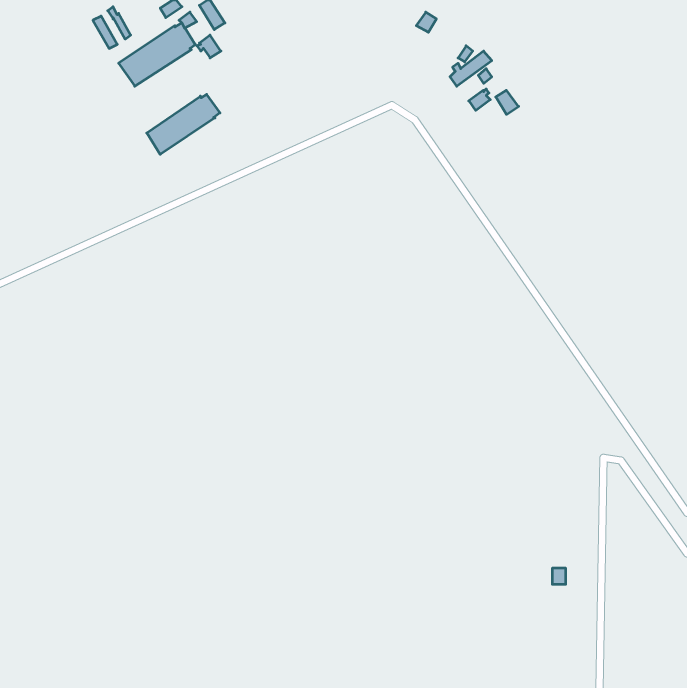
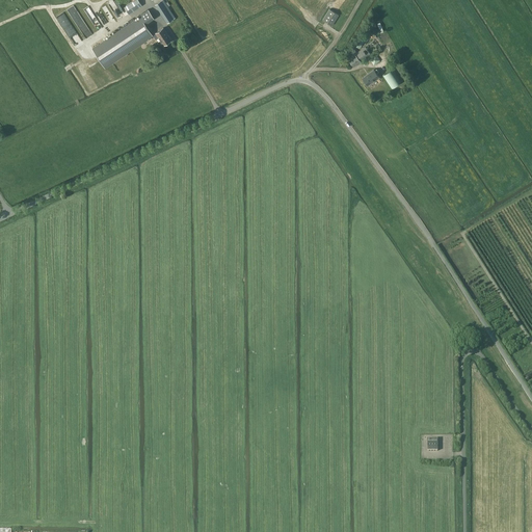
building: [147,94,220,154] -> none

